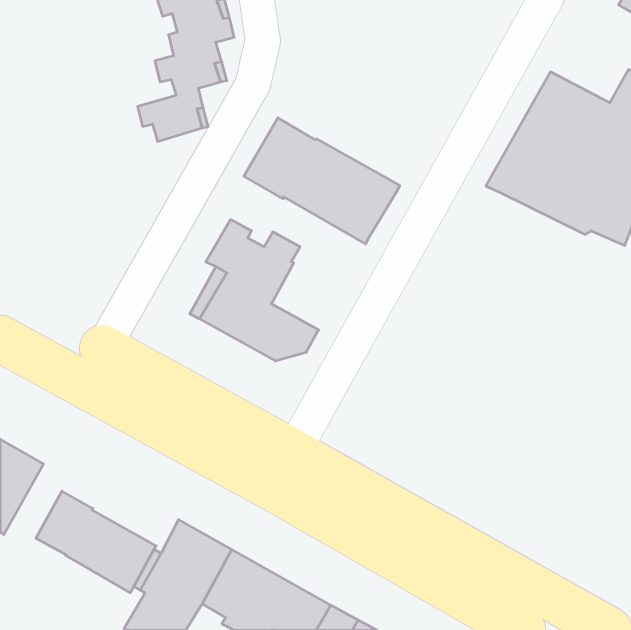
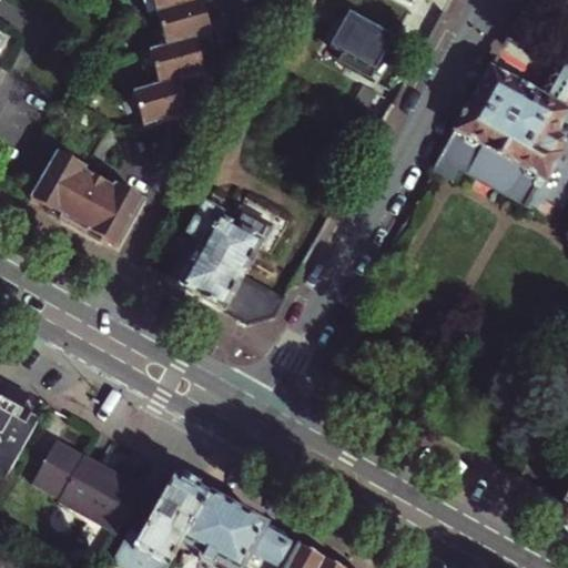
building: none -> [323,7,398,73]
building: [244,118,400,244] -> none
building: none -> [30,150,146,246]

